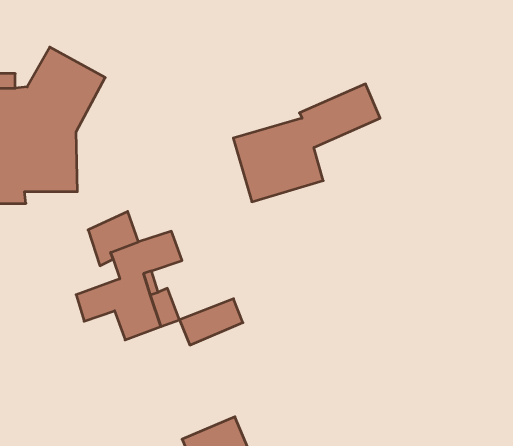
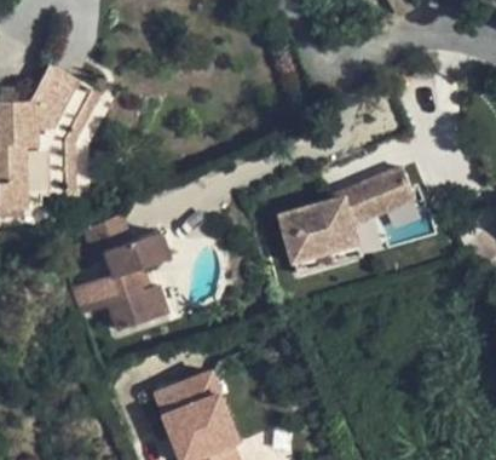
building: [233,84,380,202] -> [284,171,419,278]
building: [179,299,243,345] -> [158,379,217,421]

